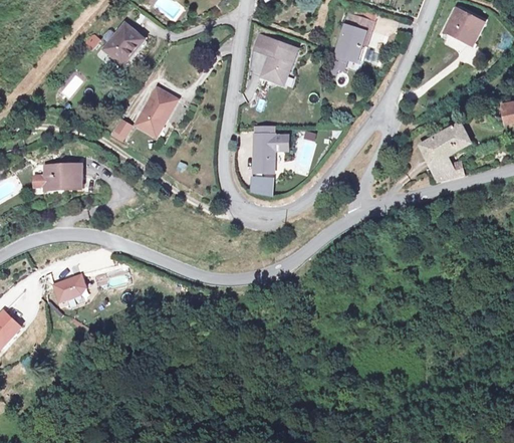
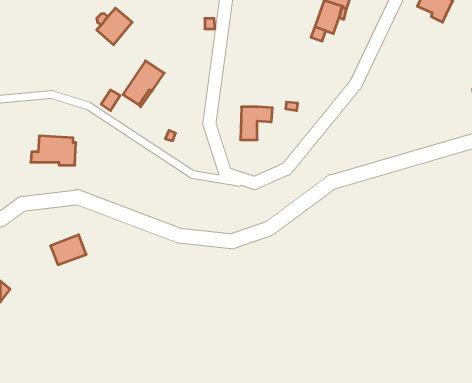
building: [257,30,295,79] -> none
building: [421,126,471,183] -> none
building: [253,175,278,195] -> none

